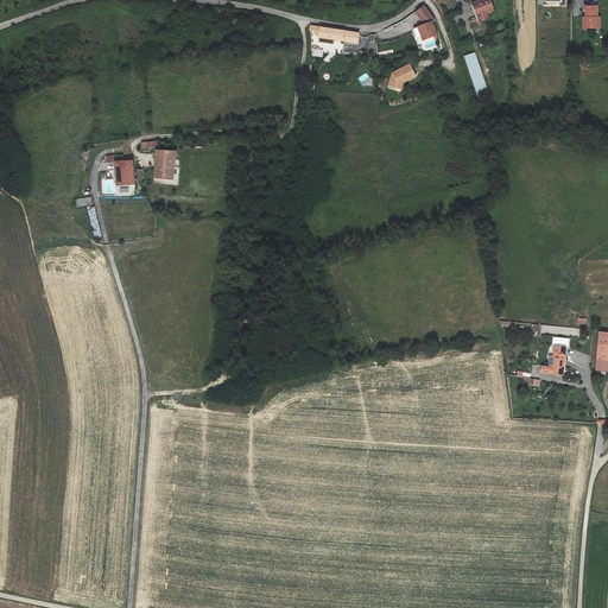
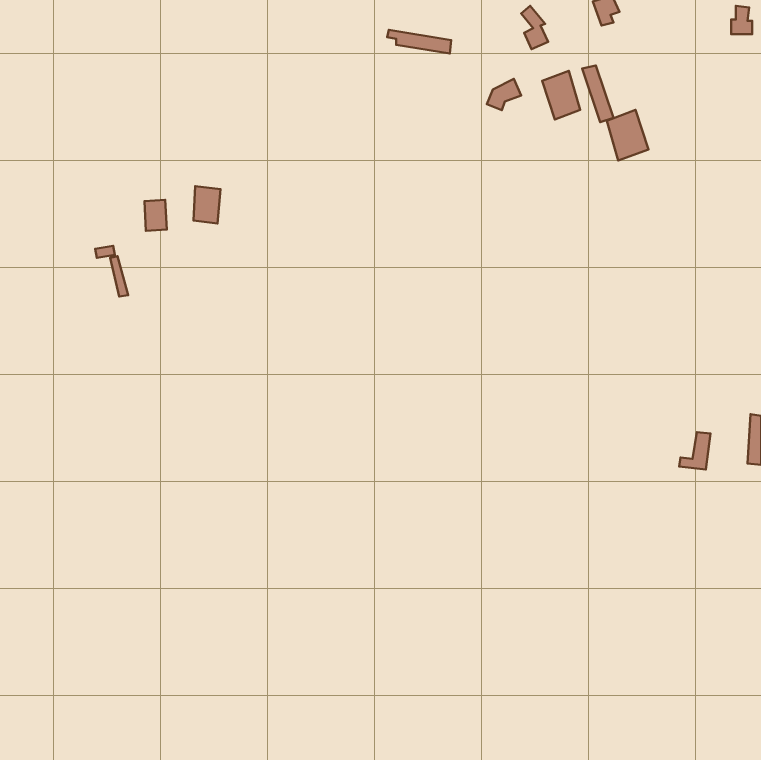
building: none -> [542,71,580,119]
building: none -> [607,110,649,161]

